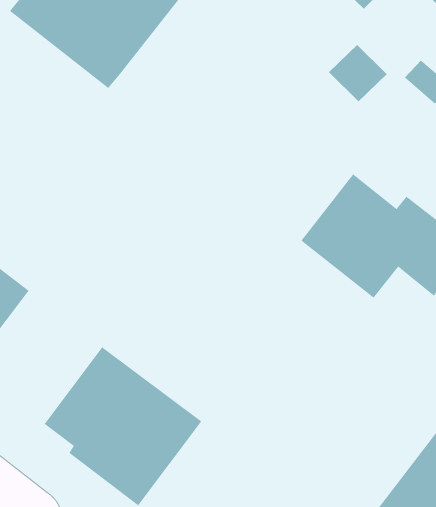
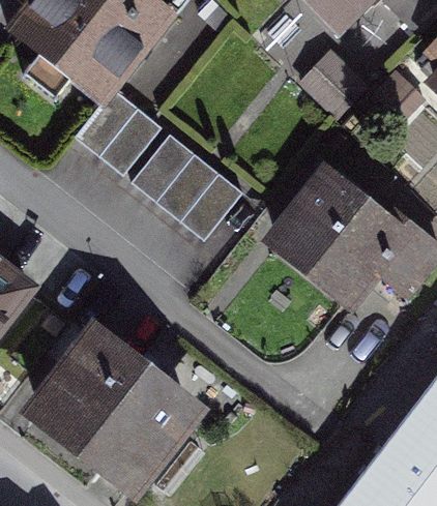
building: none -> [76,89,162,177]
building: none -> [132,136,243,242]

